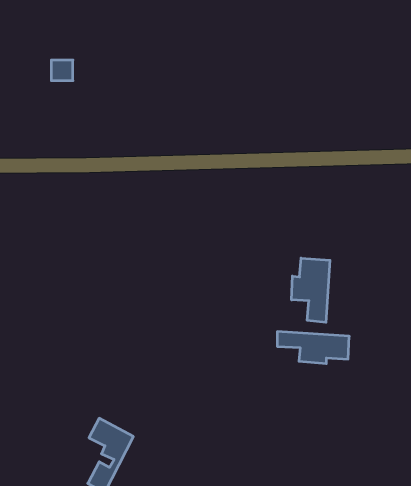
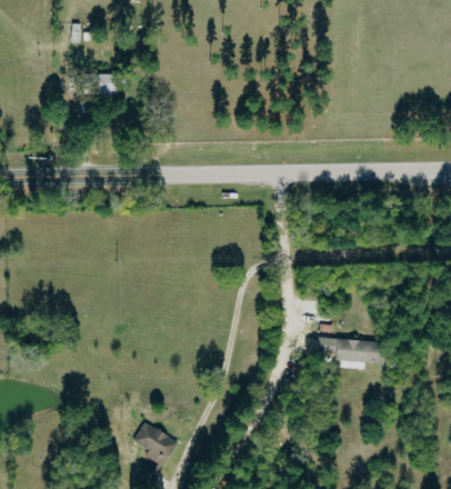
building: [292,258,330,322] -> none

